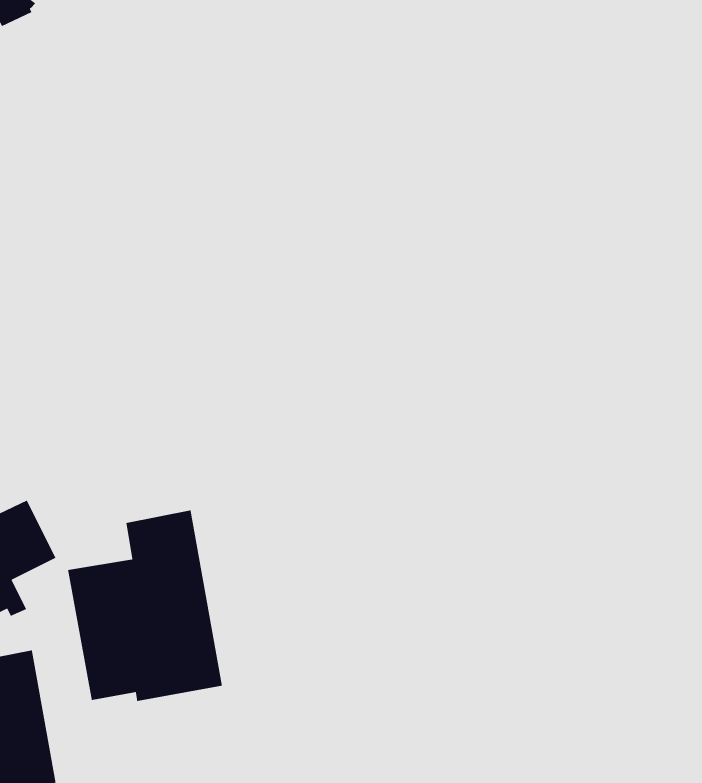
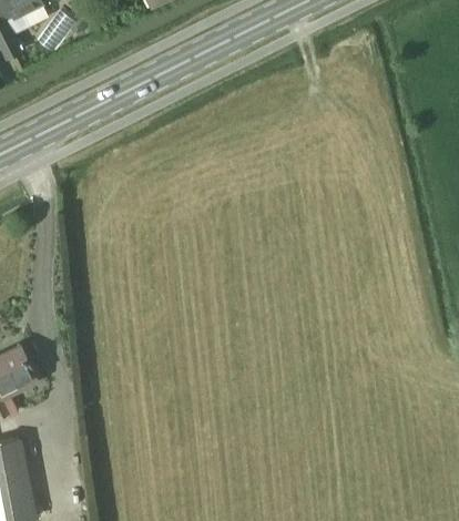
building: [67,509,223,702] -> none

